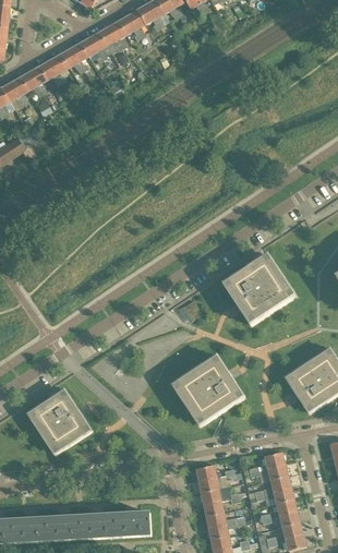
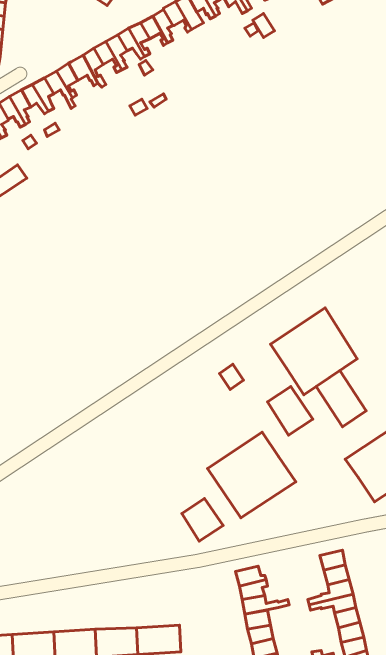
building: none -> [316,371,366,427]
building: none -> [268,387,313,435]
building: [27,387,92,453] -> none
building: none -> [182,498,223,541]

